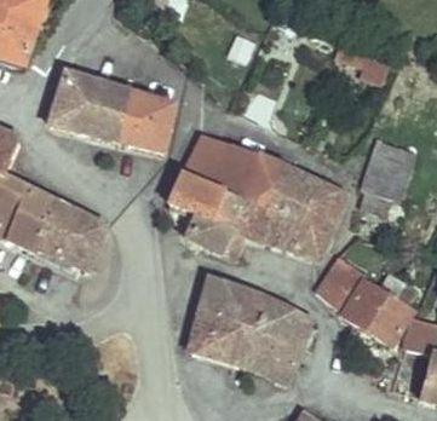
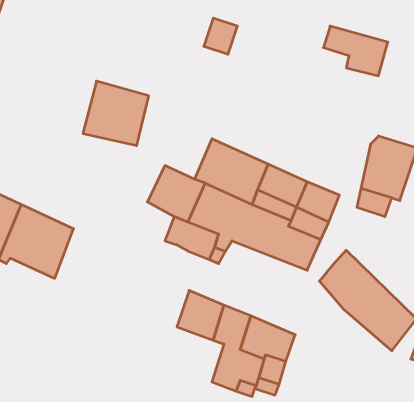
building: [52,79,126,139] -> none
building: [188,133,230,180] -> none
building: [188,313,241,363] -> none

